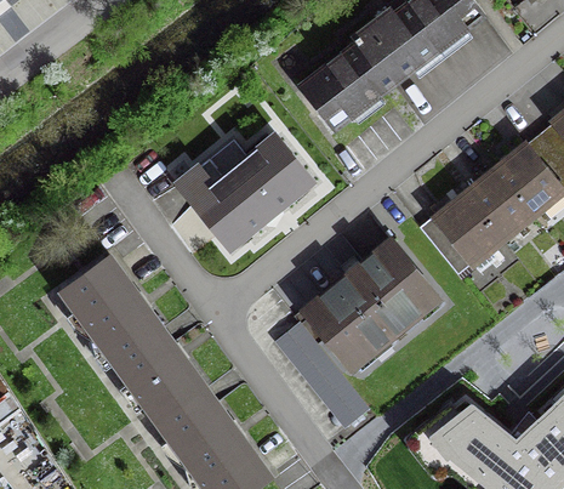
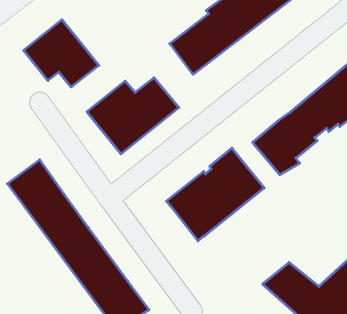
building: none -> [24,20,99,87]
building: [274,323,368,428] -> none

